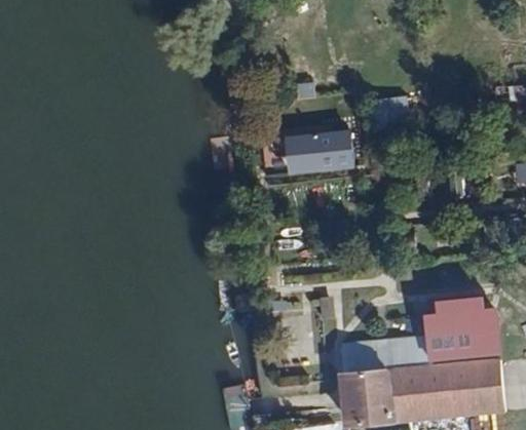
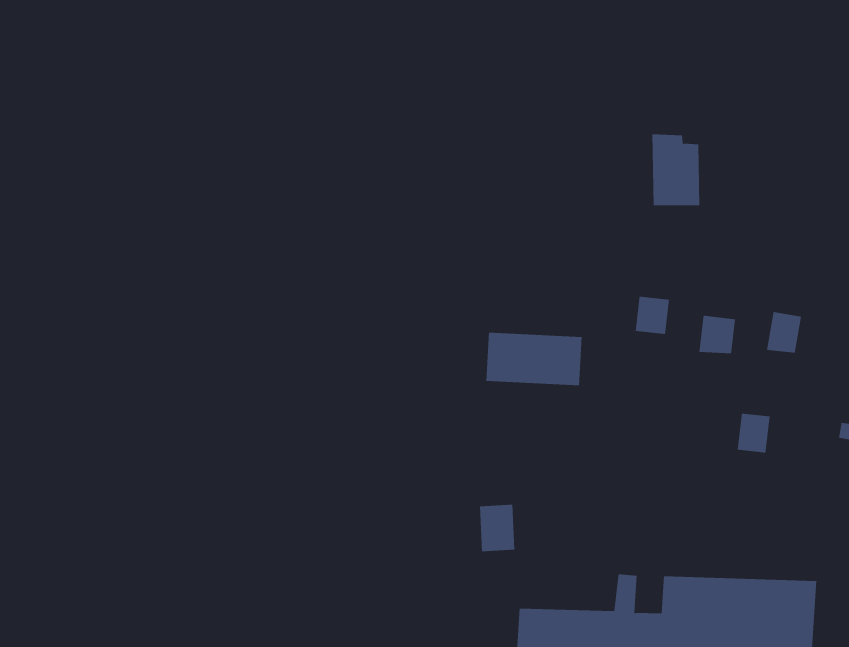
building: [299,136,351,168] -> [485,332,582,386]

